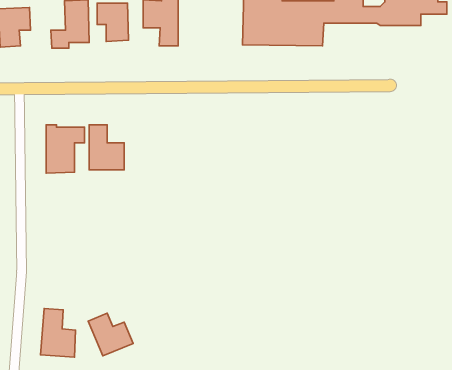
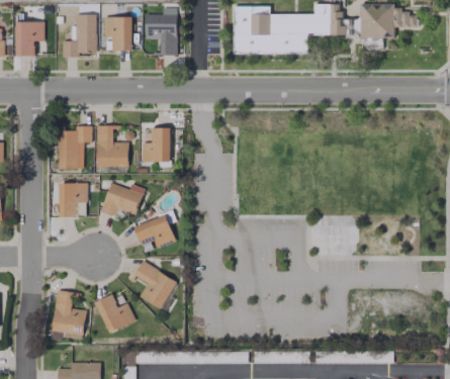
building: none -> [143,128,171,163]
building: none -> [59,183,87,217]
building: none -> [101,184,144,216]
building: none -> [134,214,176,253]
building: none -> [134,261,178,309]

